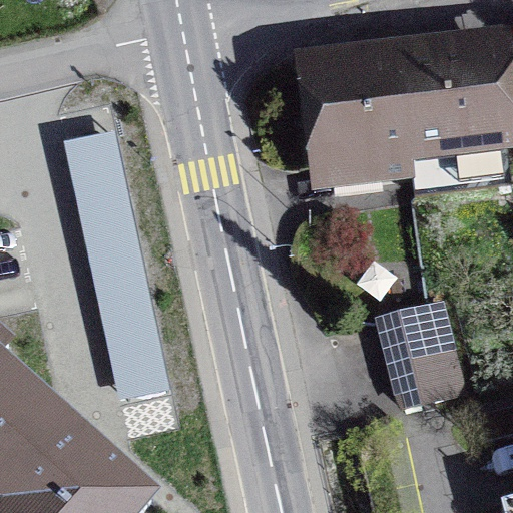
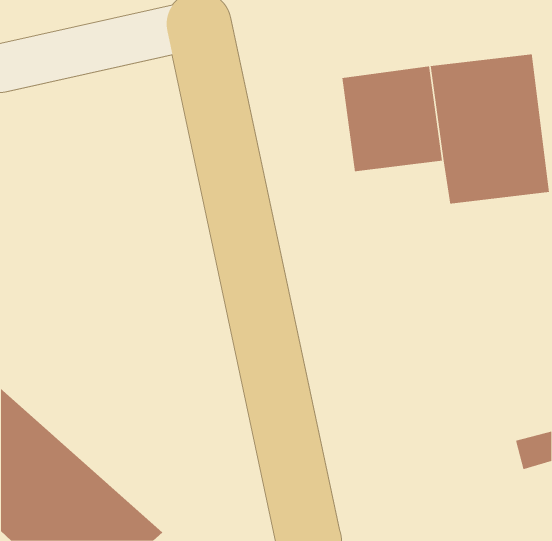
building: [65,121,167,389] -> none
building: [381,299,462,401] -> none

